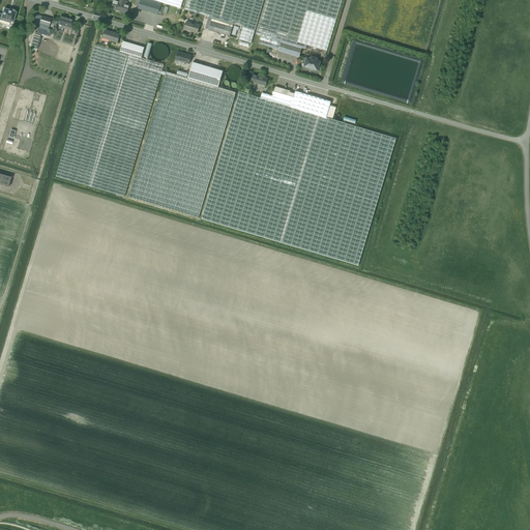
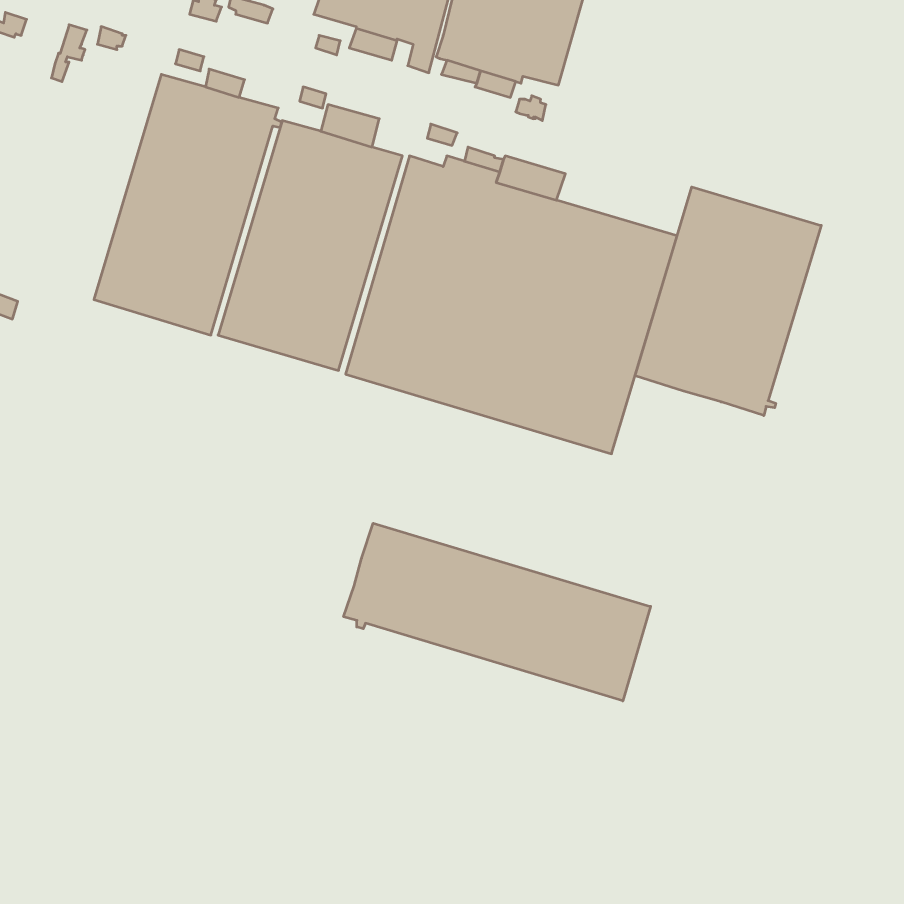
building: none -> [635,187,821,416]
building: none -> [344,523,651,701]

